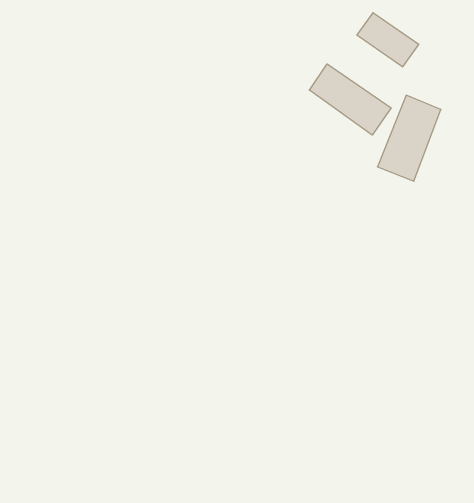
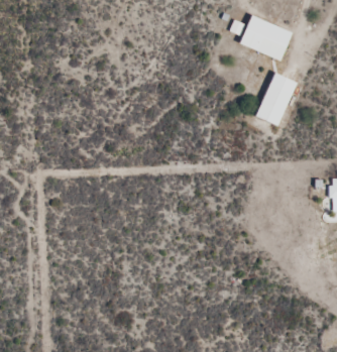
building: [309,64,391,135] -> none

